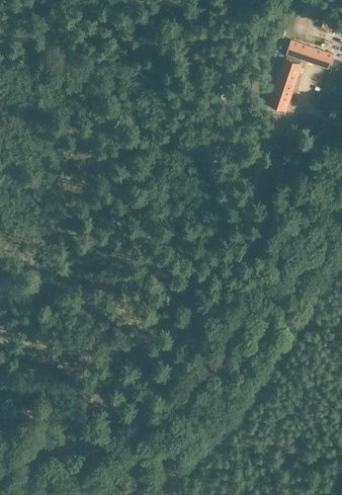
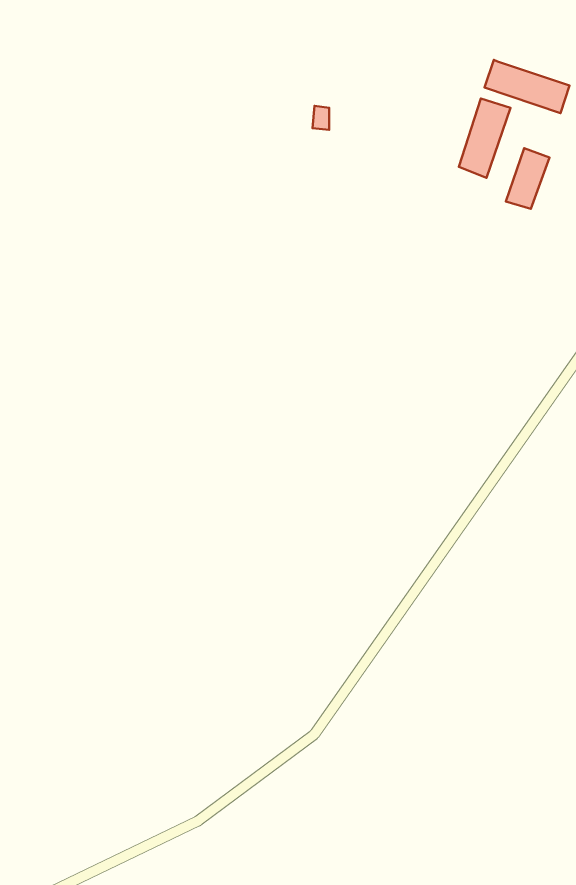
building: none -> [506,148,549,209]

